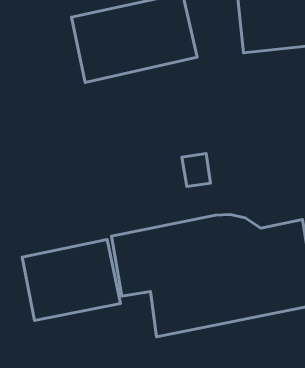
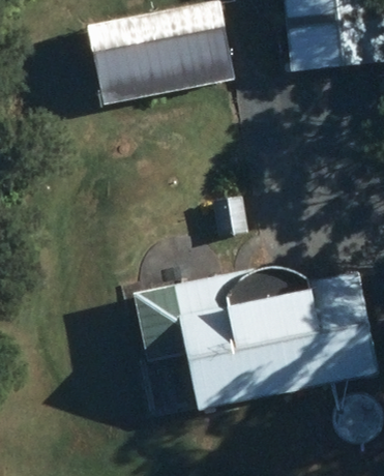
building: [22,239,121,321] -> none

